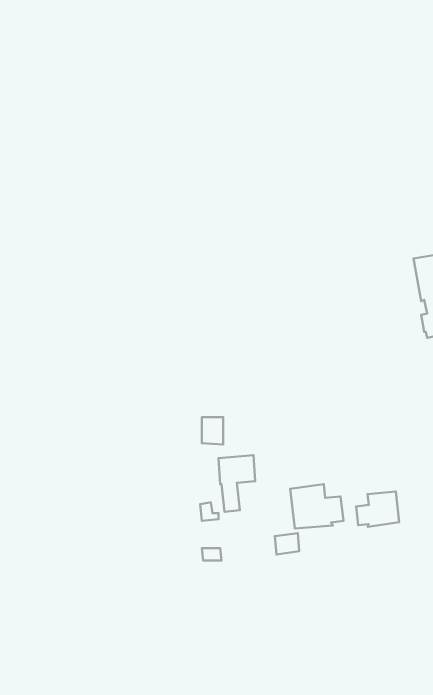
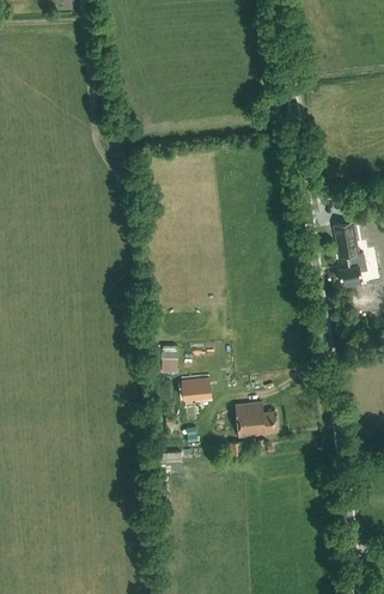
building: [356,491,399,527] -> none

